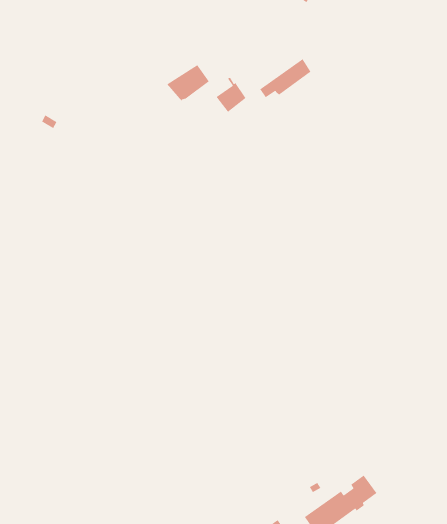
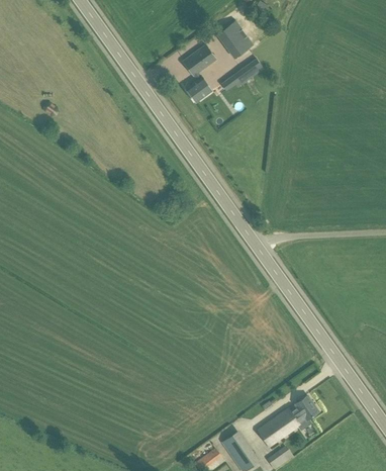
building: none -> [213,22,252,60]
building: [166,64,210,102] -> [181,45,216,76]

